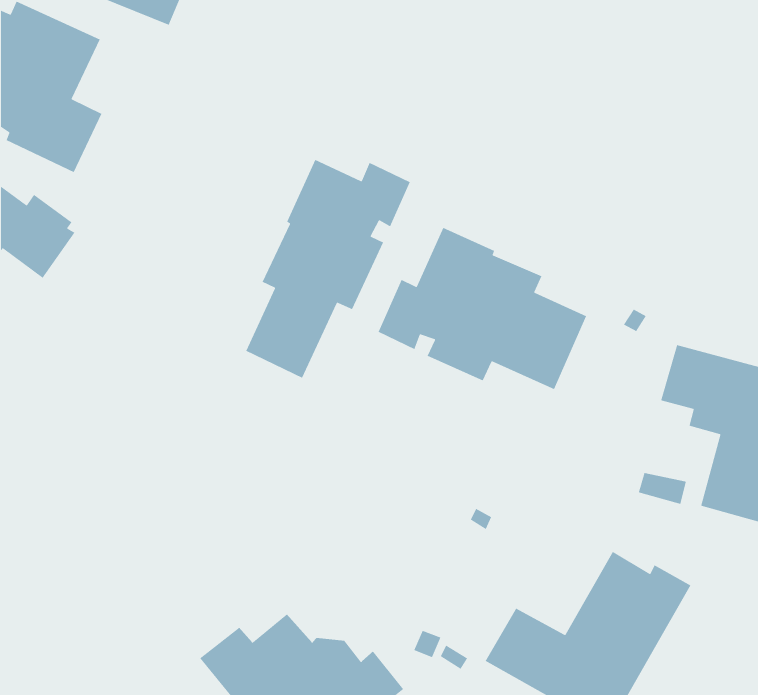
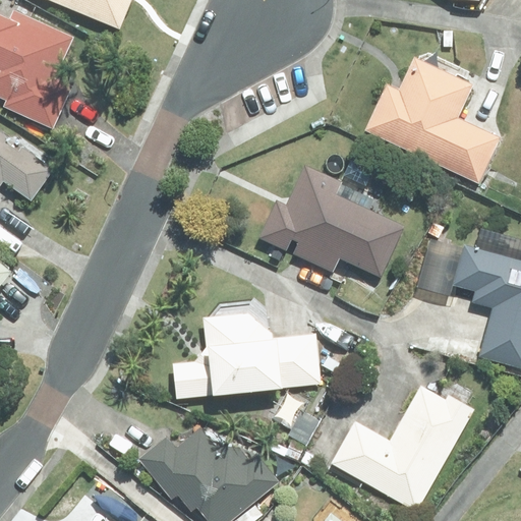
building: none -> [365,59,499,183]
building: [245,159,411,379] -> none
building: none -> [171,314,320,398]

